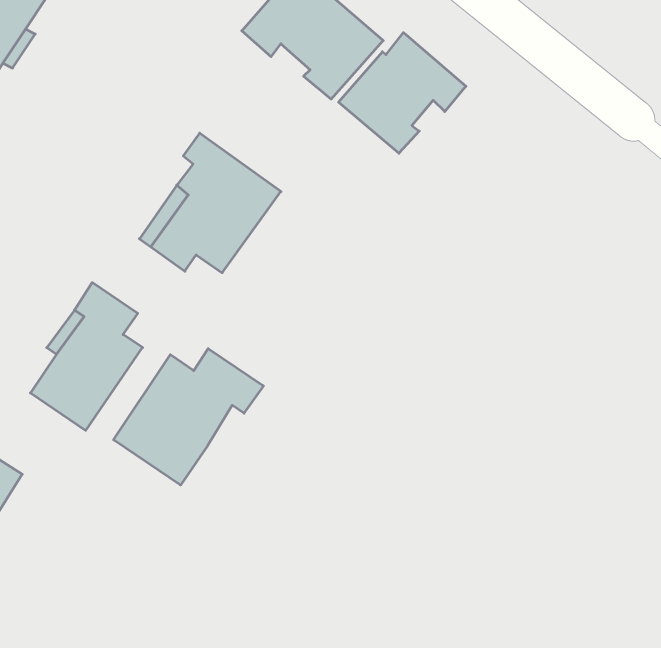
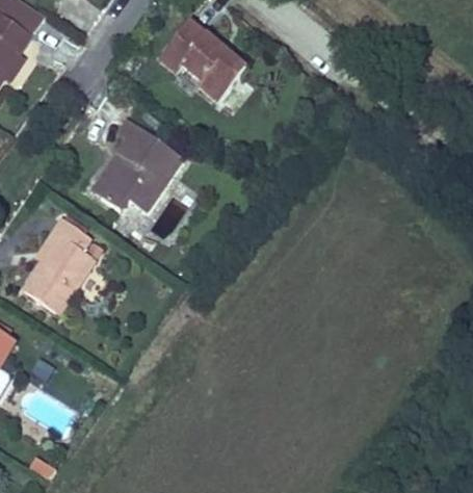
building: [339,33,466,153] -> none
building: [114,349,263,485] -> none

